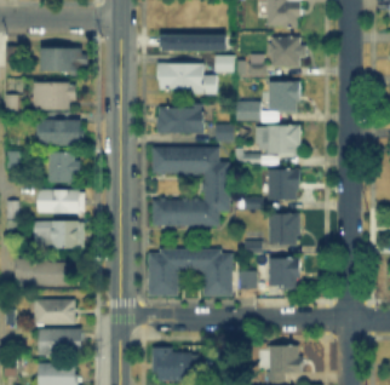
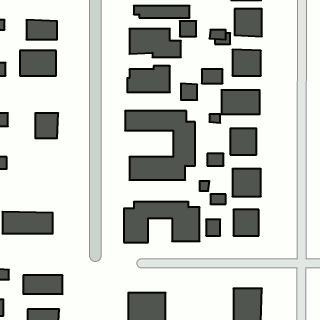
building: [40,120,80,142] -> none
building: [41,191,85,214] -> none
building: [34,222,86,249] -> none
building: [36,301,75,326] -> none

